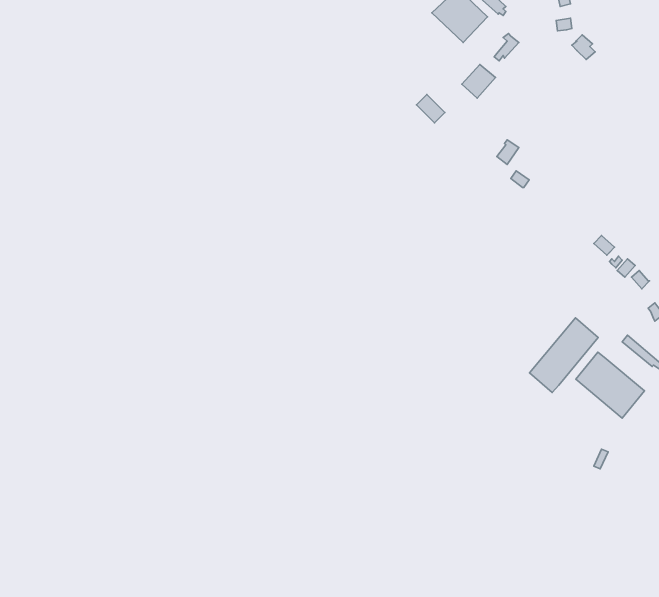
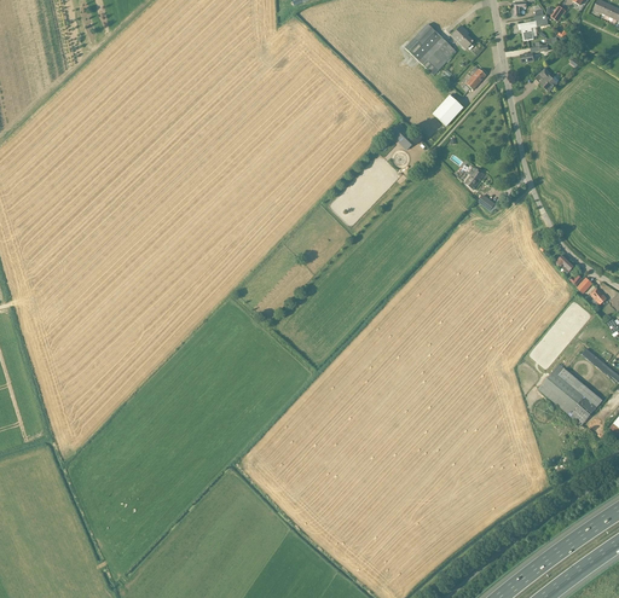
building: [530,318,598,393] -> none

